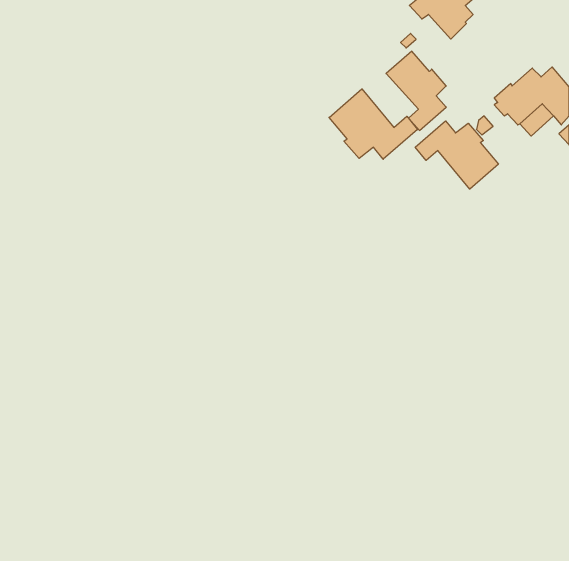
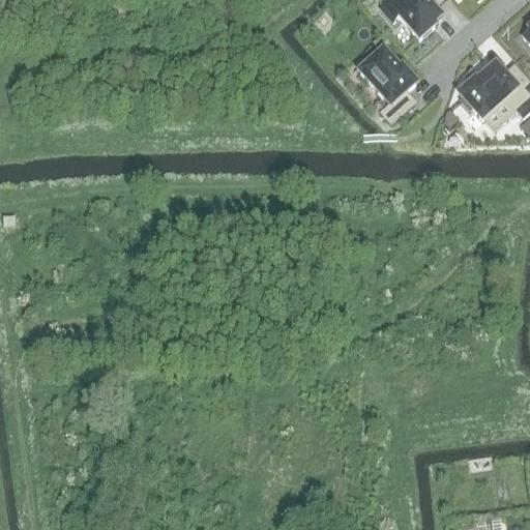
building: [329,89,418,159] -> none
building: [415,121,498,189] -> none

